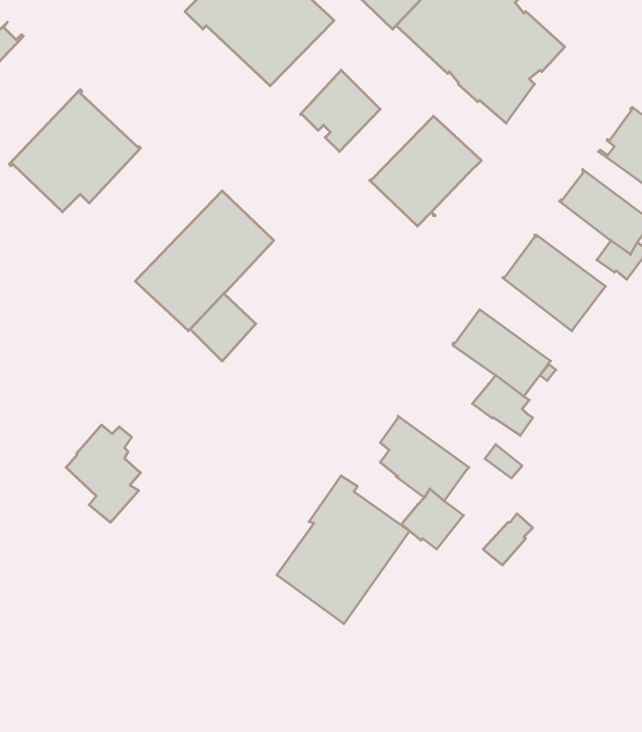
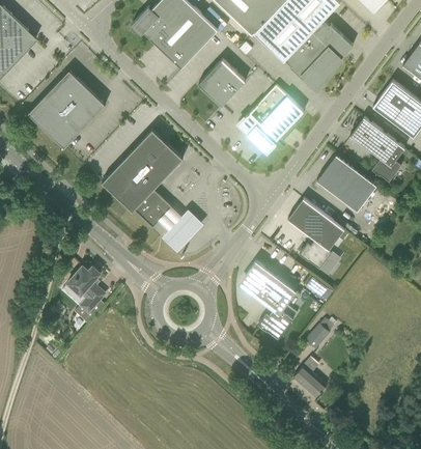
building: none -> [160,213,201,255]
building: [277,476,409,624] -> none
building: none -> [292,358,326,398]

